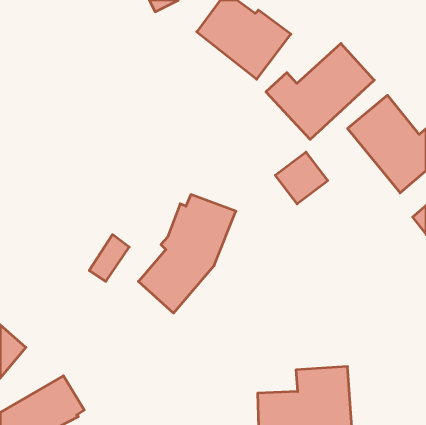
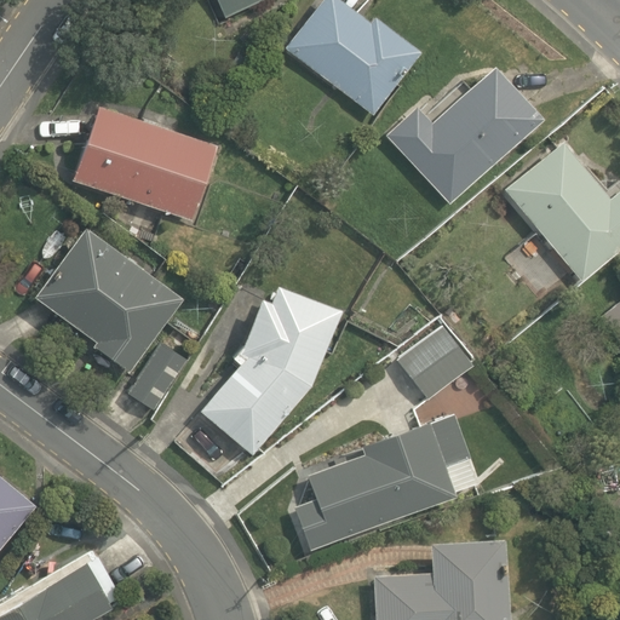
building: none -> [73,105,218,222]
building: [275,152,328,204] -> [396,326,472,401]
building: none -> [35,226,184,374]
building: none -> [293,414,476,550]

